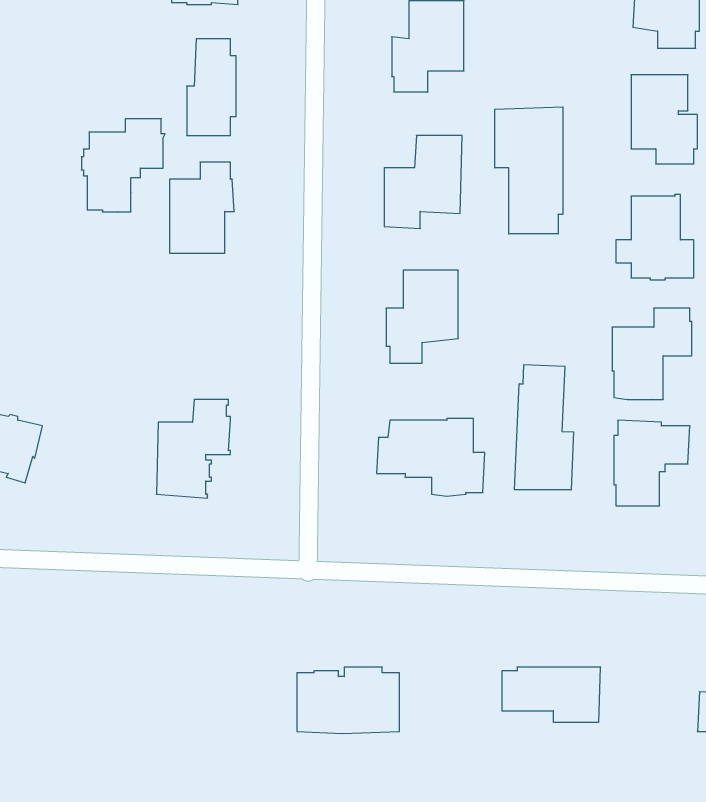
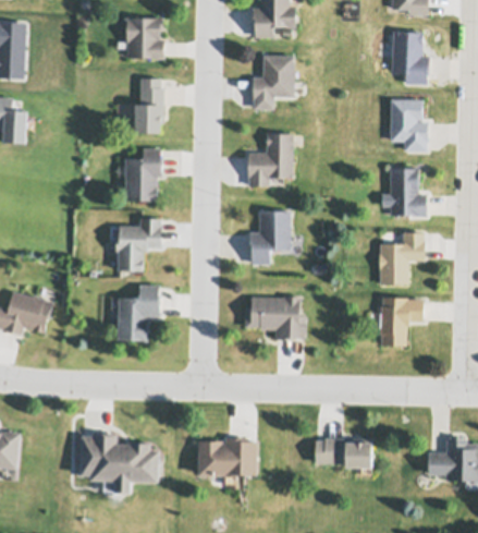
building: [495,107,563,234] -> none
building: [81,119,165,212] -> [114,218,162,271]
building: [515,365,574,490] -> none
building: none -> [81,433,159,494]

